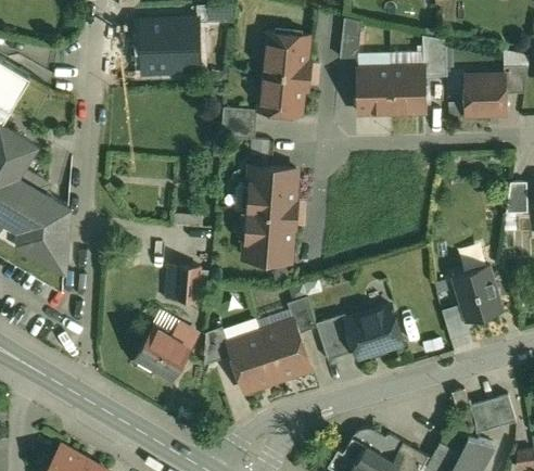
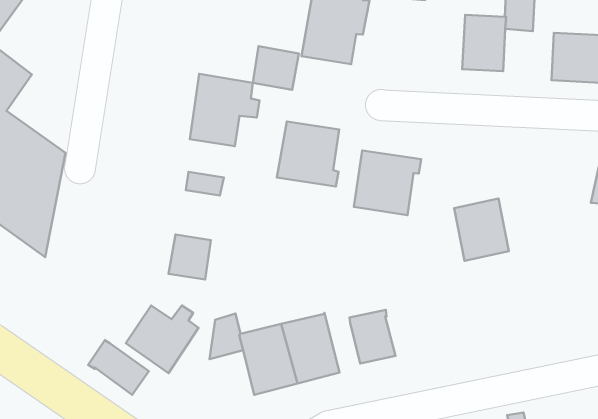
building: [357,67,392,113] -> none
building: none -> [190,74,260,146]
building: [244,213,296,263] -> [354,151,421,215]
building: [453,266,500,319] -> [454,199,509,261]
building: [288,295,317,333] -> none
building: [345,305,403,356] -> none
building: none -> [88,340,149,395]

